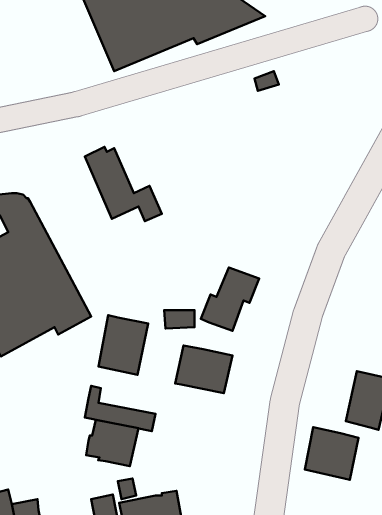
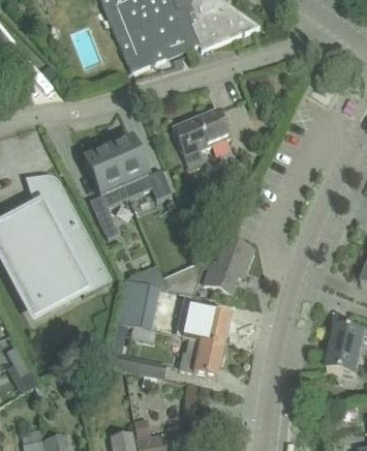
building: none -> [171,108,228,164]
building: none -> [83,144,128,238]
building: [86,420,138,466] -> [179,337,223,377]
building: [305,427,359,480] -> none

